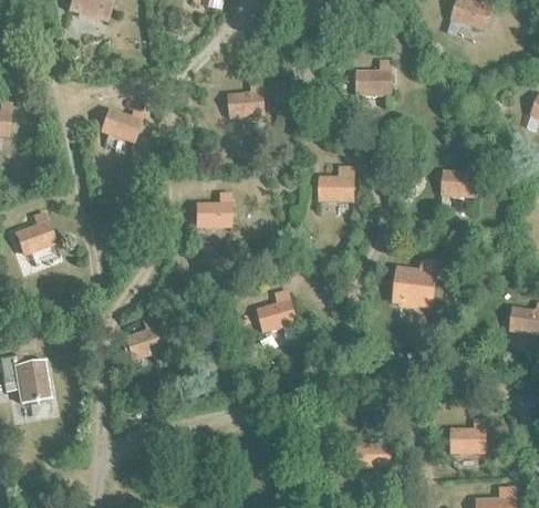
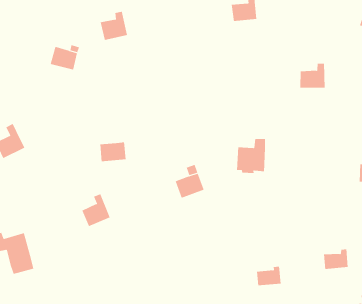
building: [228,82,265,120] -> [100,11,128,40]
building: [320,165,354,203] -> none
building: [195,204,230,228] -> [99,142,127,162]
building: [393,259,437,307] -> [236,139,266,173]

